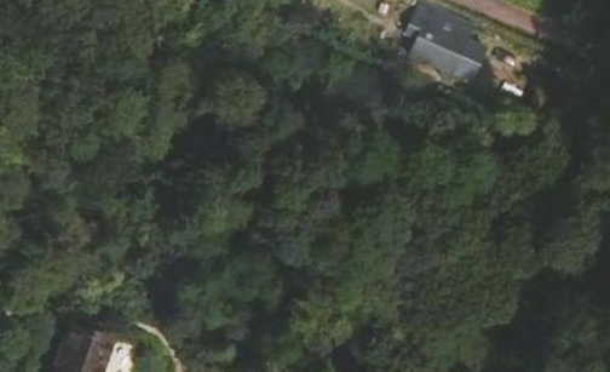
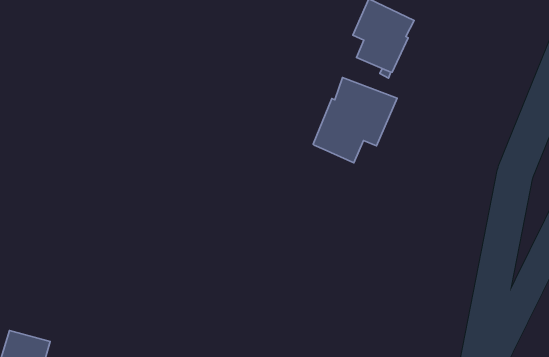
building: none -> [313,78,397,163]

